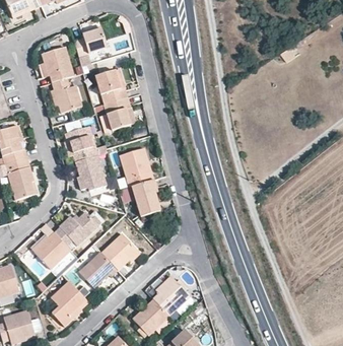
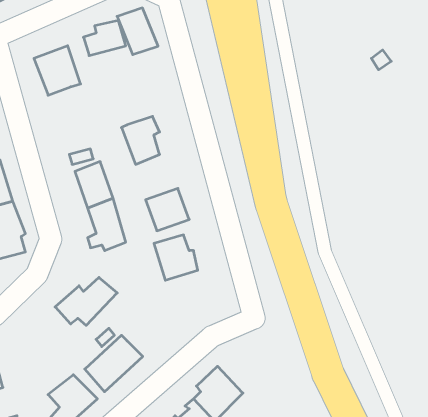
building: [95,68,125,101] -> [117,8,158,55]
building: [50,74,83,115] -> none
building: [36,232,71,268] -> none
building: [102,234,138,268] -> none

